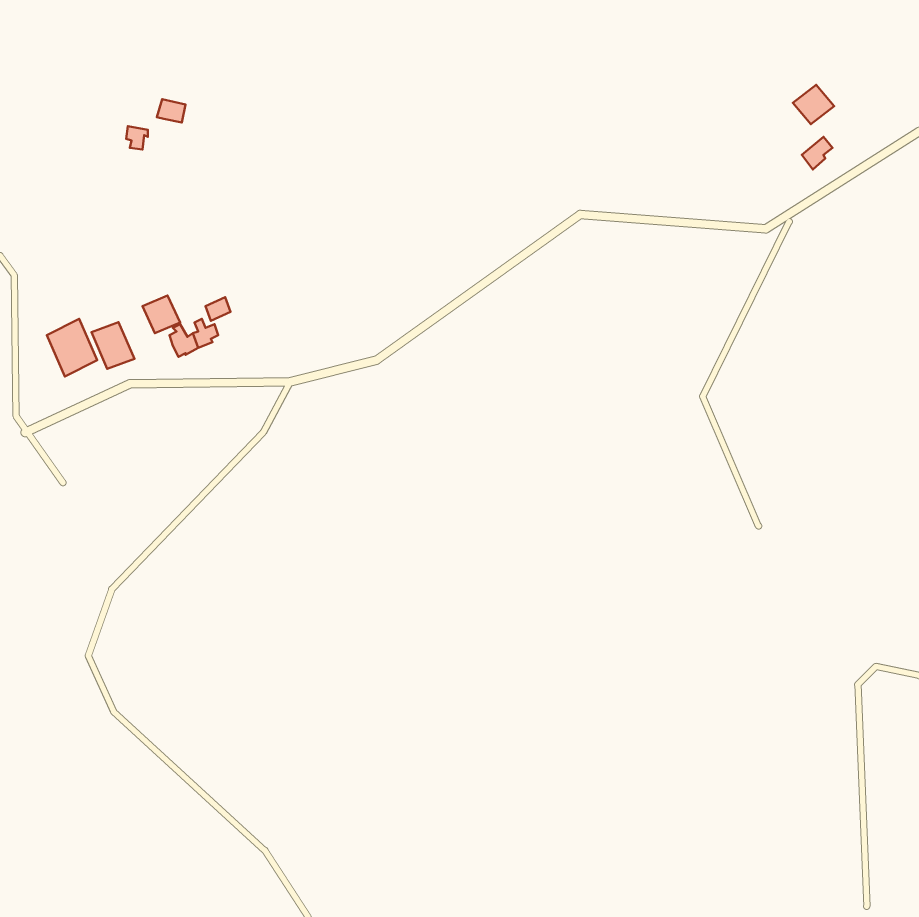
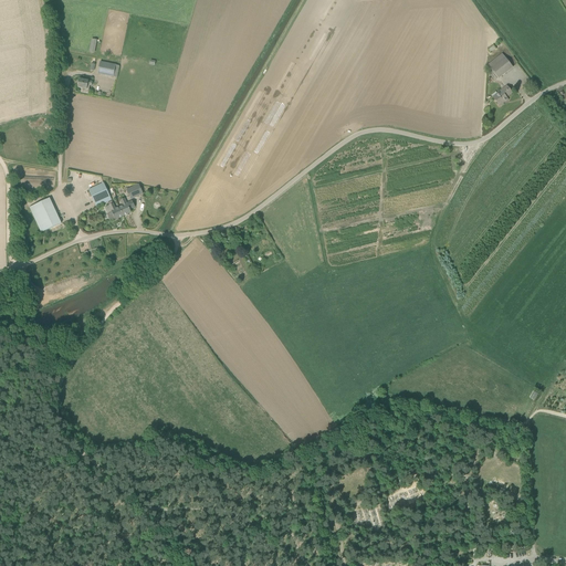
building: [91,322,134,369] -> none

